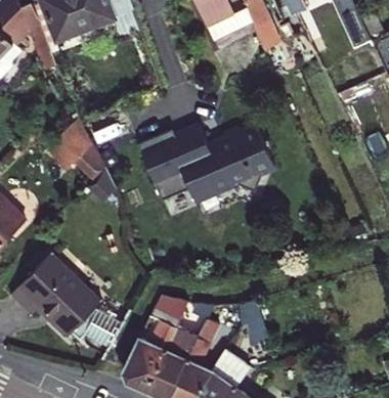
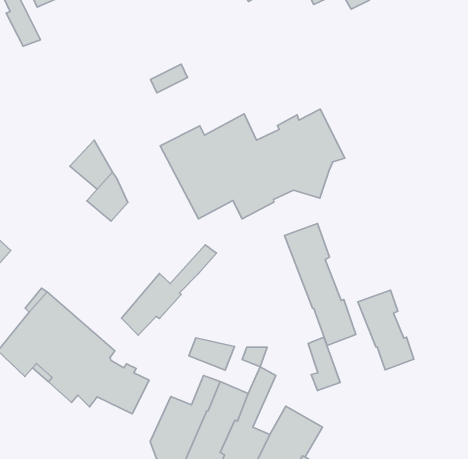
building: [45,117,92,168] -> none
building: none -> [284,224,356,346]
building: none -> [122,245,216,335]
building: none -> [358,290,414,370]

